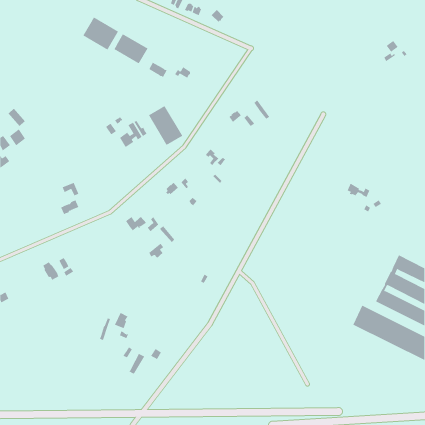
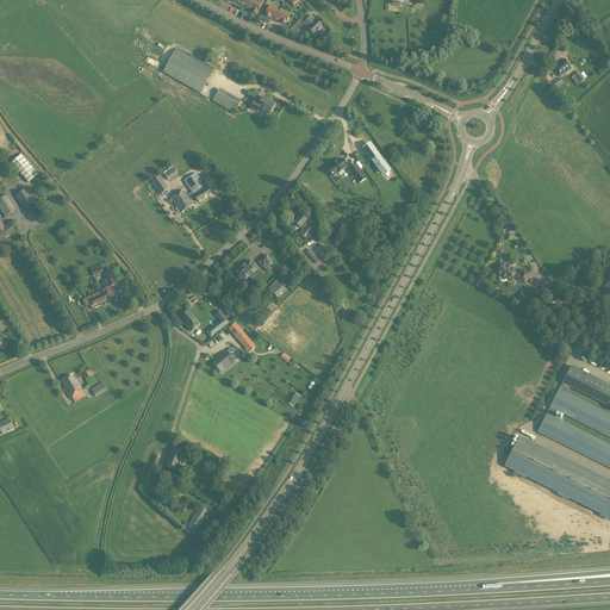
building: [82,16,119,50] -> none
building: [148,105,183,146] -> none

